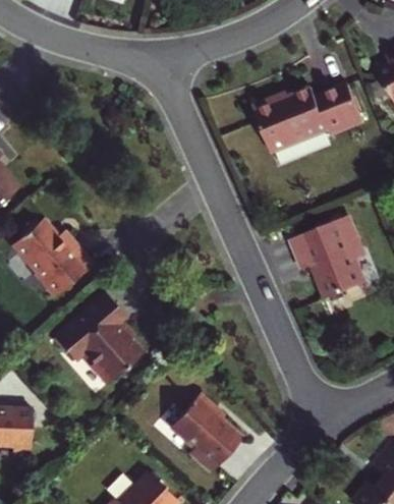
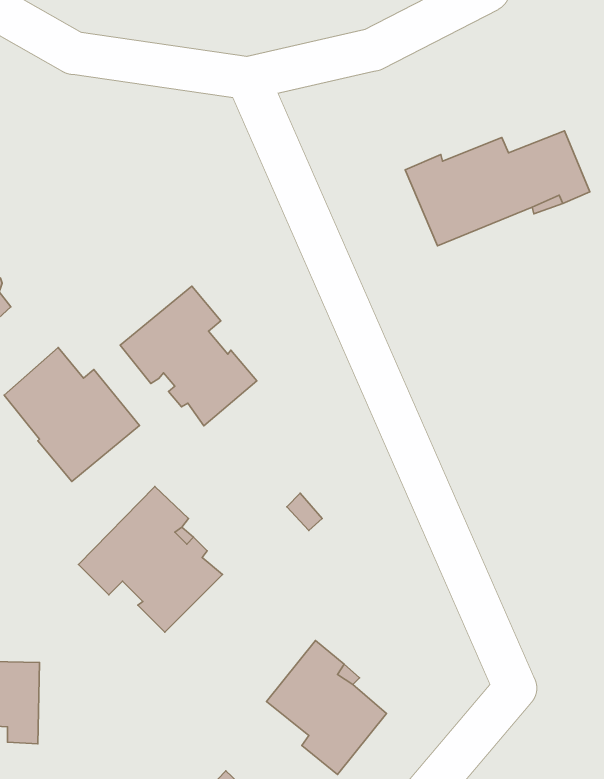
building: none -> [120,286,257,426]
building: [291,215,362,294] -> none

